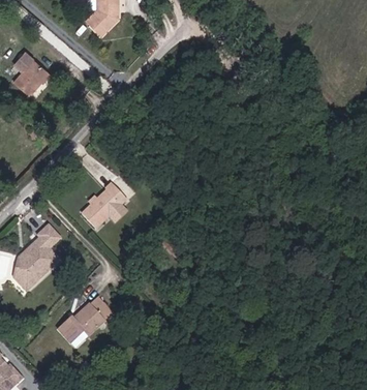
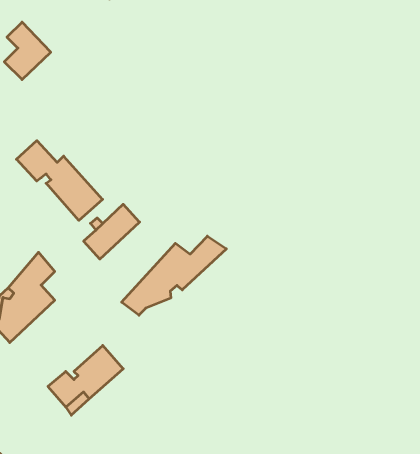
building: none -> [16,141,103,220]
building: none -> [122,236,226,315]

